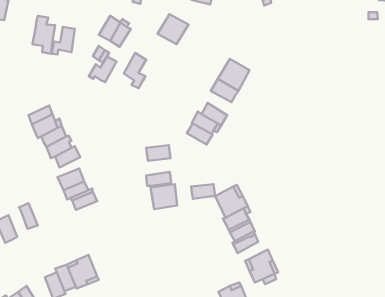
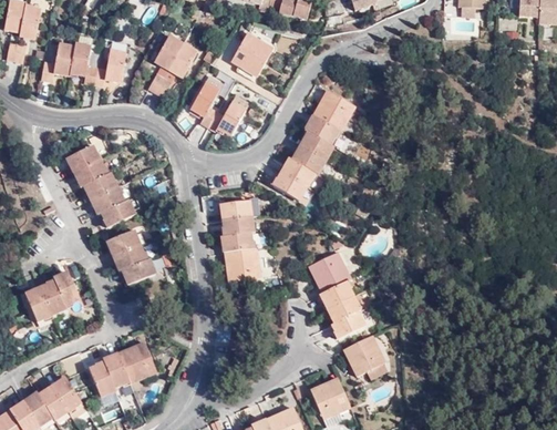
building: none -> [42,42,78,79]
building: [89,56,117,82] -> [209,101,245,134]
building: none -> [298,132,332,161]
building: [191,184,215,199] -> [221,216,252,235]
building: none -> [42,283,69,317]

